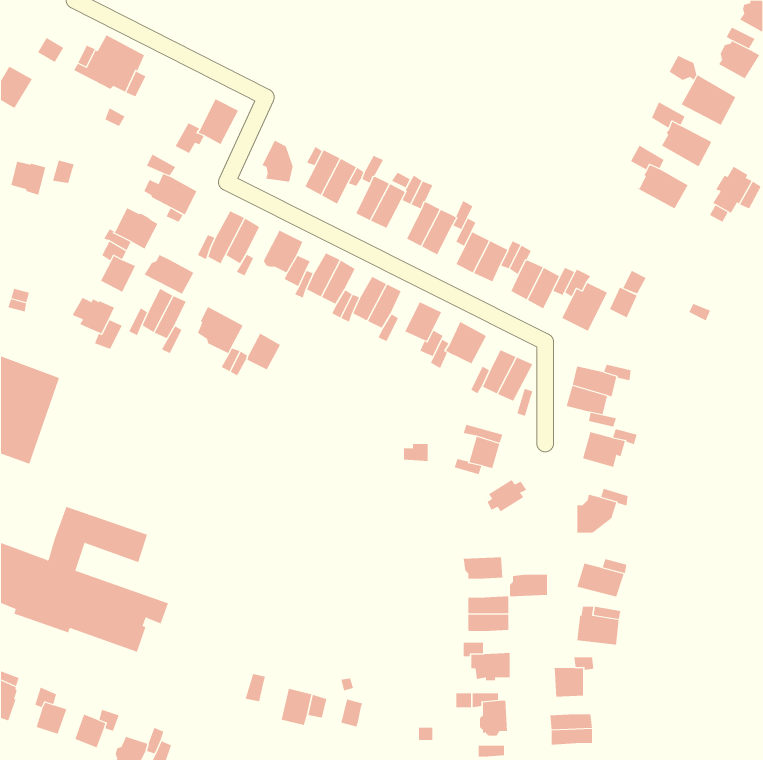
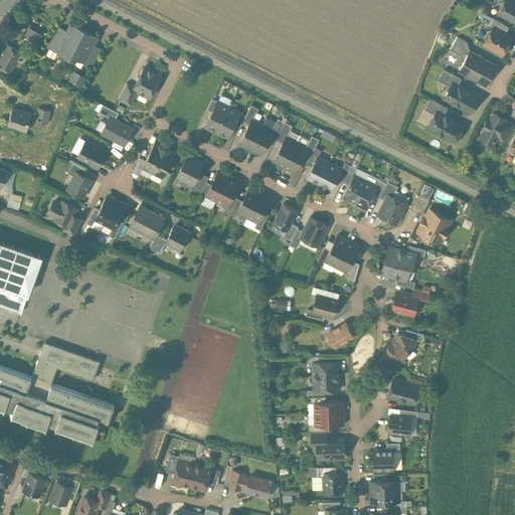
building: [262,140,293,182] -> none
building: [144,254,194,295] -> none
building: none -> [418,210,451,243]
building: [509,574,548,597] -> [312,363,338,378]
building: none -> [173,462,194,487]
building: none -> [241,477,272,500]

